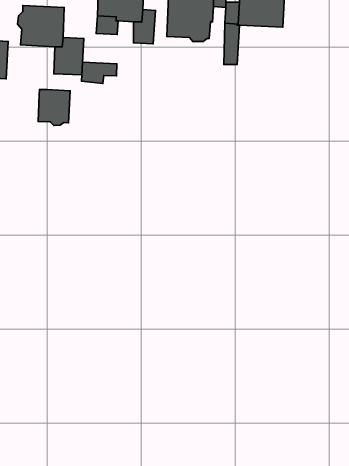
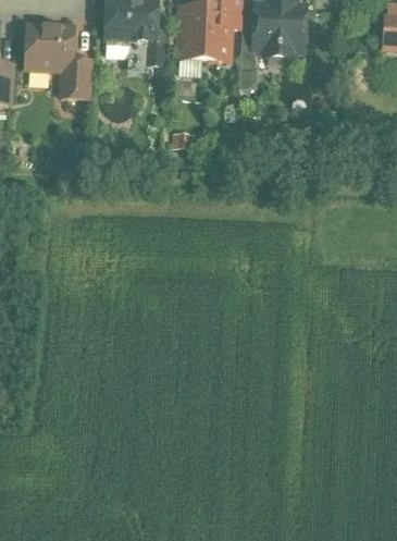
building: [81,62,117,83] -> none
building: [38,89,70,125] -> none

